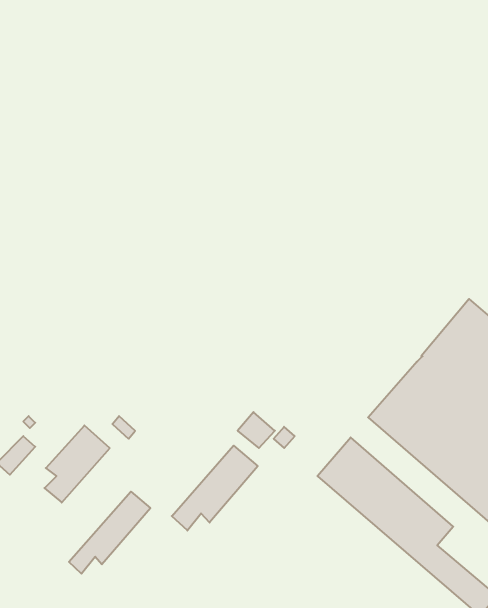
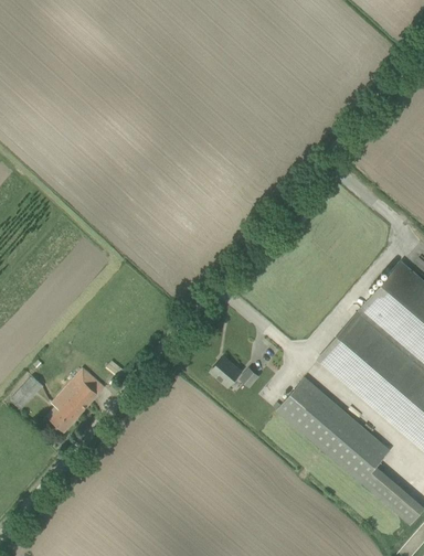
building: [172,446,258,531] -> none
building: [69,492,150,574] -> none

